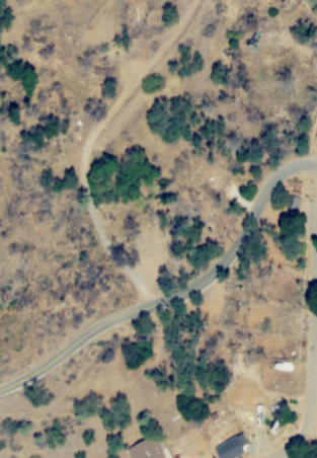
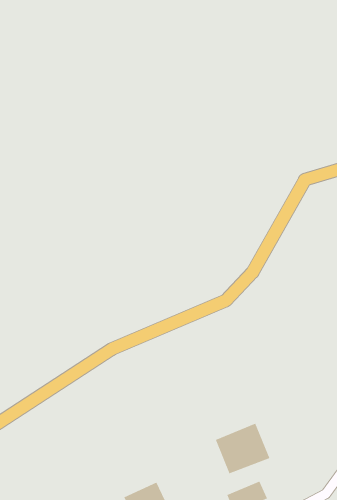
building: none -> [215,423,270,474]

